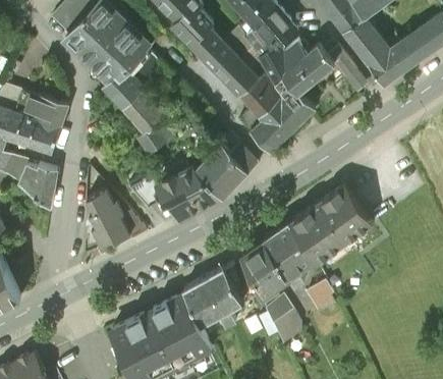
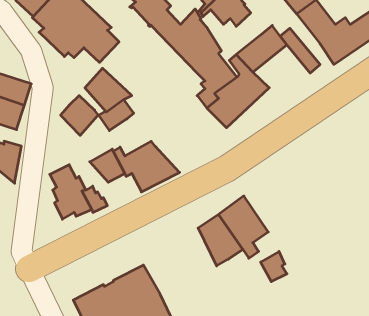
building: [246,28,307,80] -> none
building: [103,67,143,109] -> [61,96,99,135]
building: [197,142,248,198] -> none
building: [289,185,372,263] -> none
building: [183,269,242,326] -> none
building: [261,288,299,341] -> none

